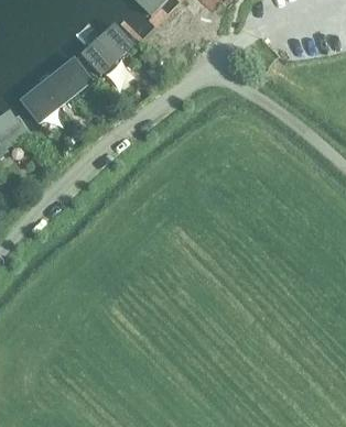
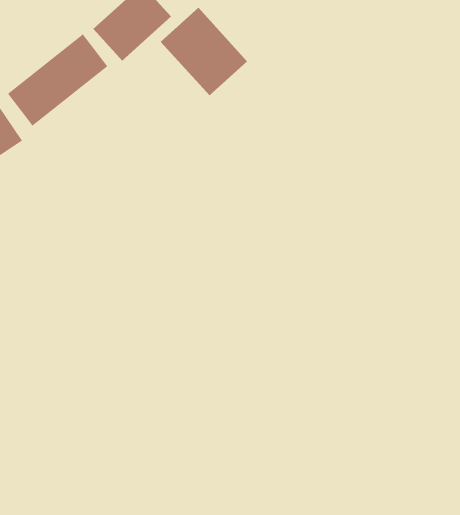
building: none -> [160,7,248,96]

